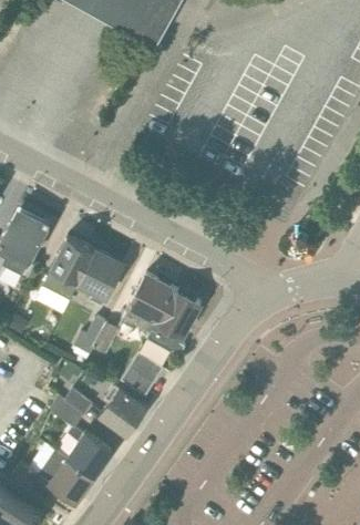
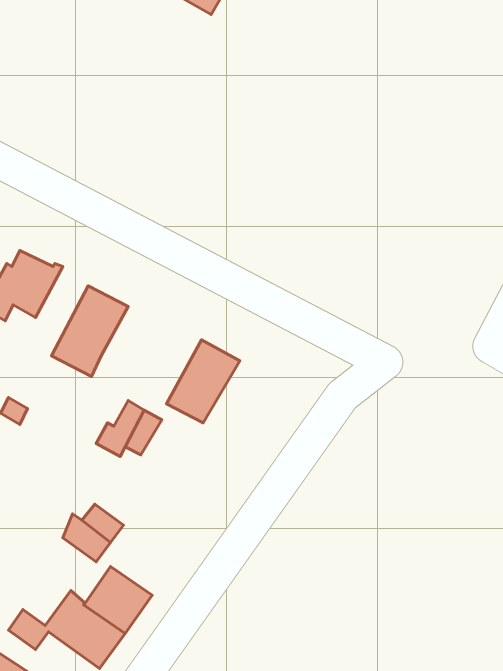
building: [78,251,124,300] -> none
building: [148,289,202,344] -> none
building: [123,350,168,395] -> none
building: [100,389,147,435] -> none

